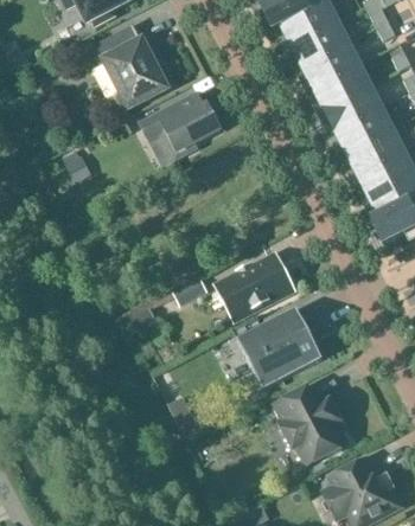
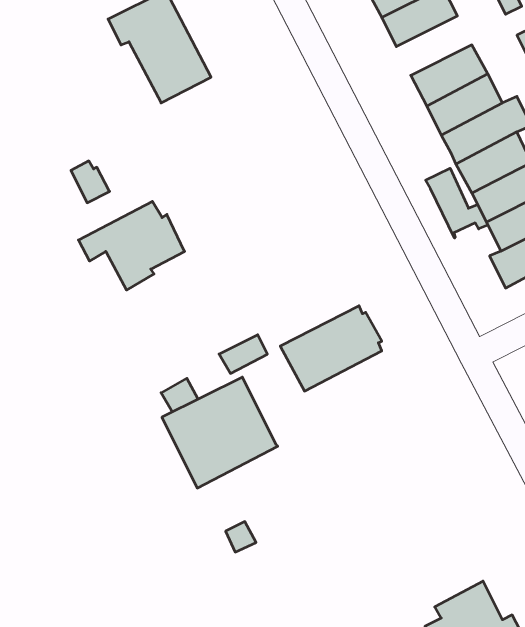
building: [301,41,357,85] -> none
building: [140,92,218,158] -> [78,201,185,290]
building: none -> [426,168,488,238]
building: [236,307,321,389] -> [162,377,278,488]
building: [275,387,345,462] -> none

